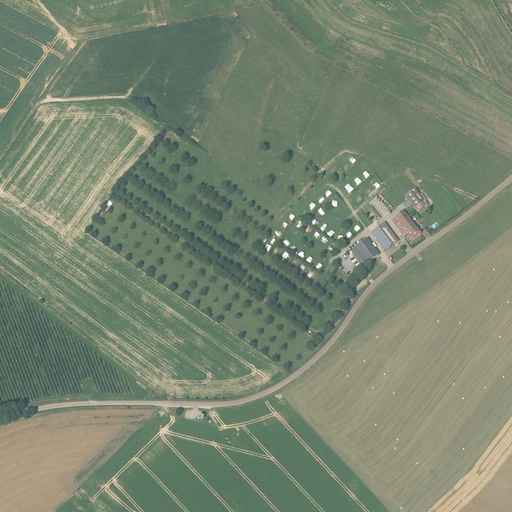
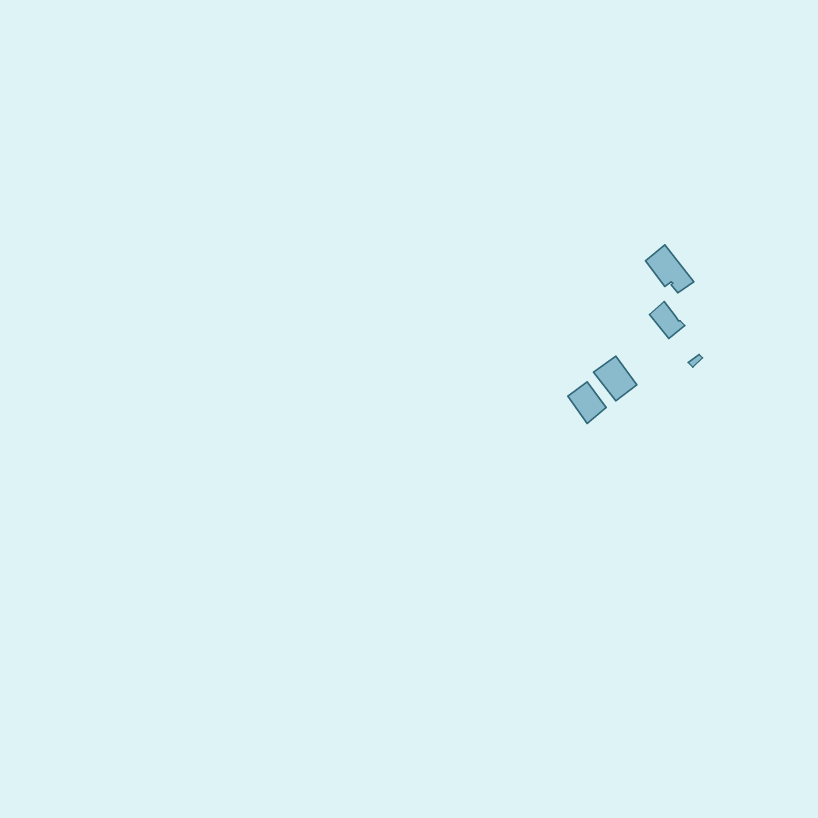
building: [390,210,420,240] -> [646,245,694,293]

